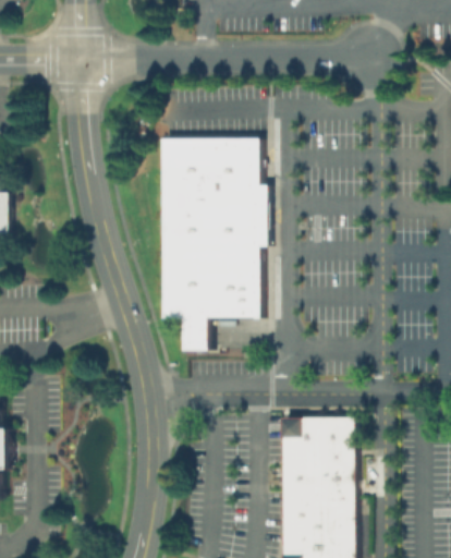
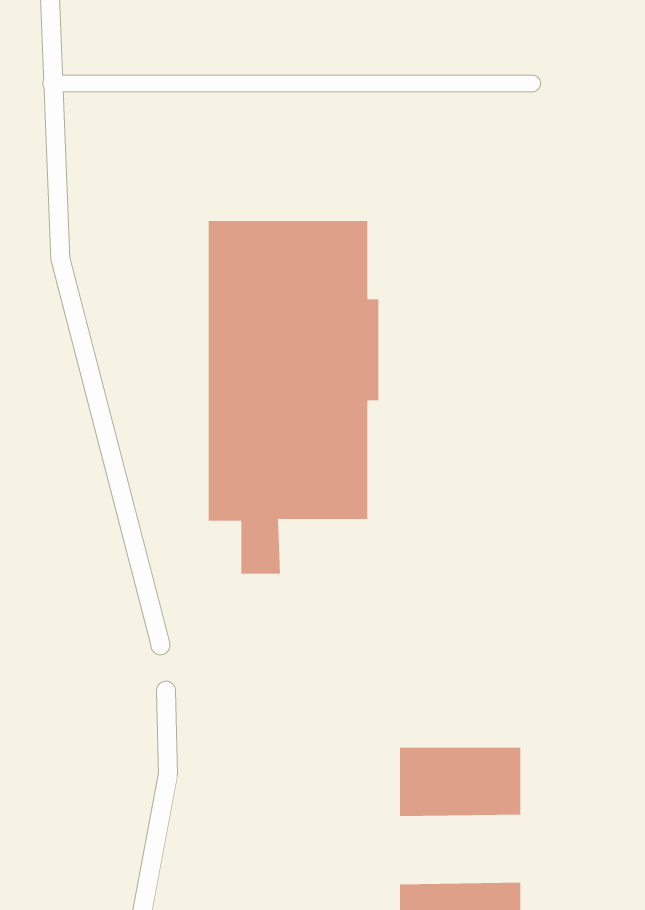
building: [280,416,353,453] -> none
building: [280,494,353,535] -> none

